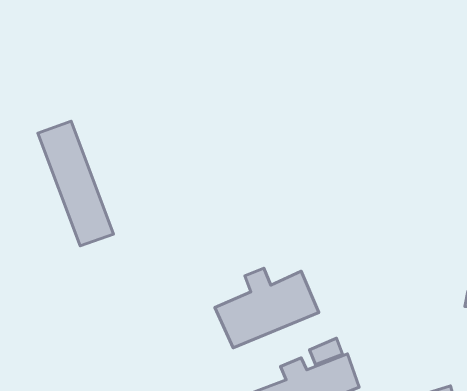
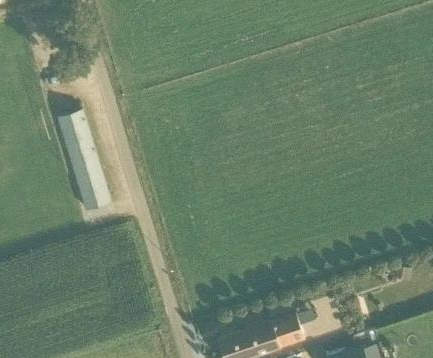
building: [215,268,319,348] -> none

